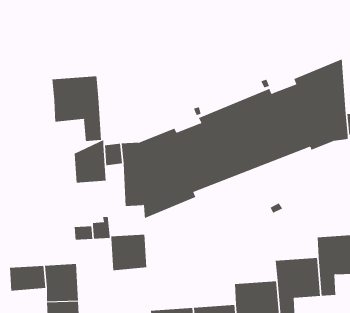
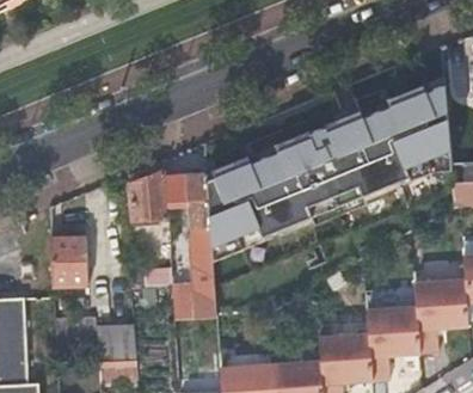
building: [52,76,102,142] -> none
building: none -> [50,233,88,283]

